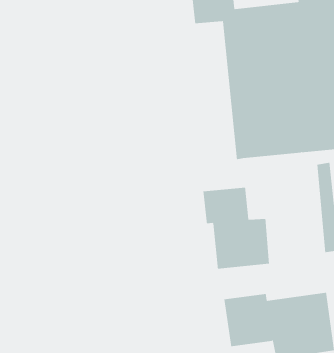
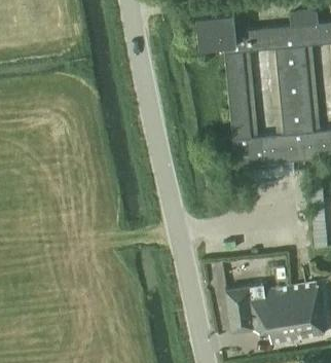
building: [203,187,269,270] -> none

